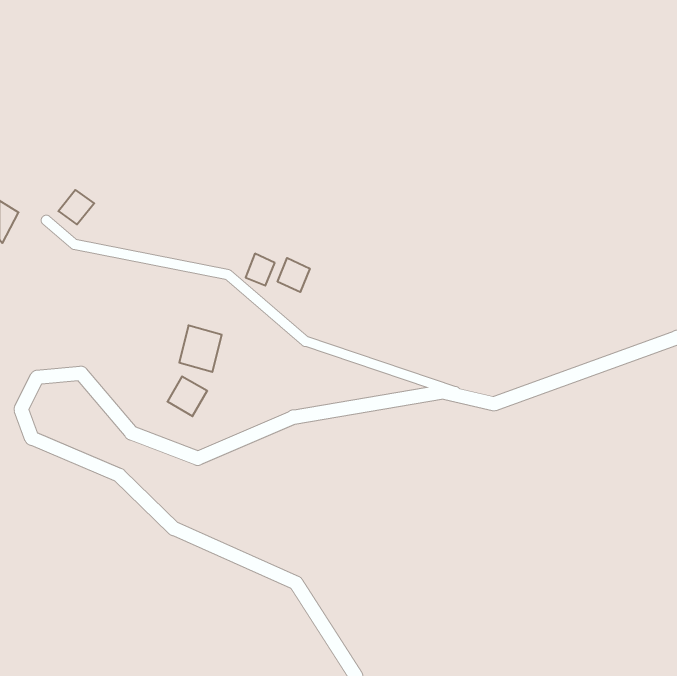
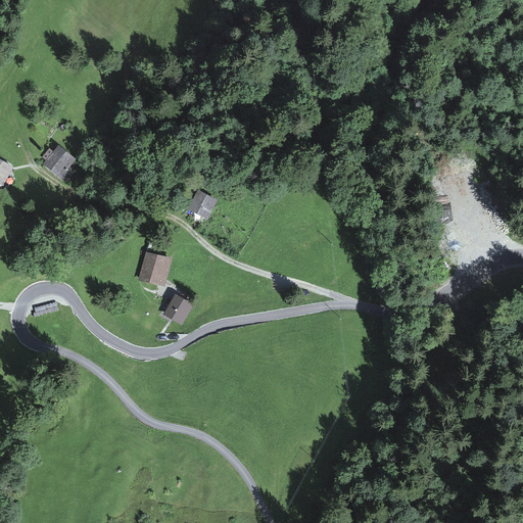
building: [278,258,310,292] -> none
building: [167,376,207,416] -> [162,293,193,324]

